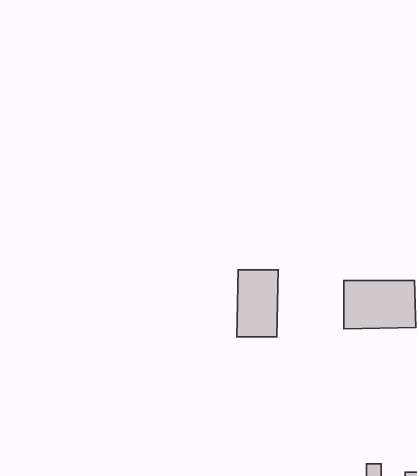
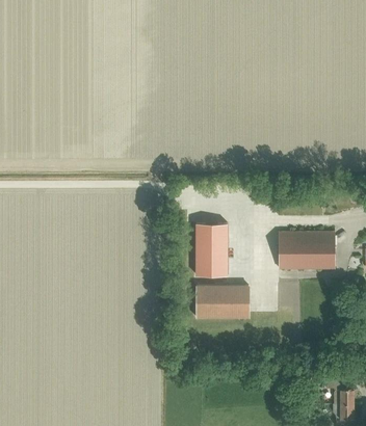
building: none -> [197,286,250,319]

